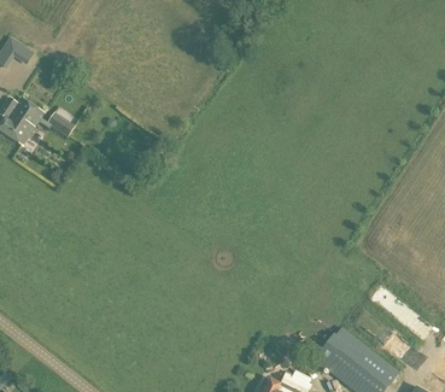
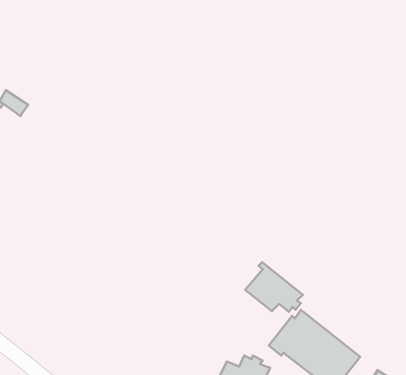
building: none -> [245,262,303,312]

